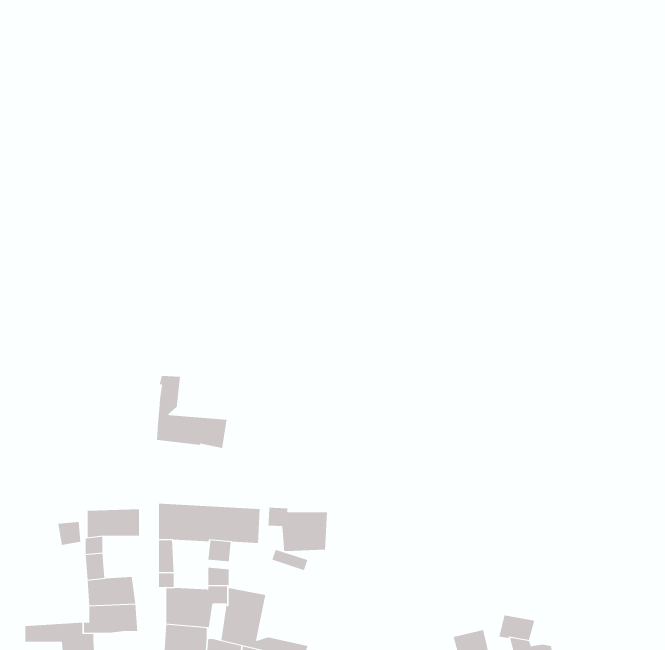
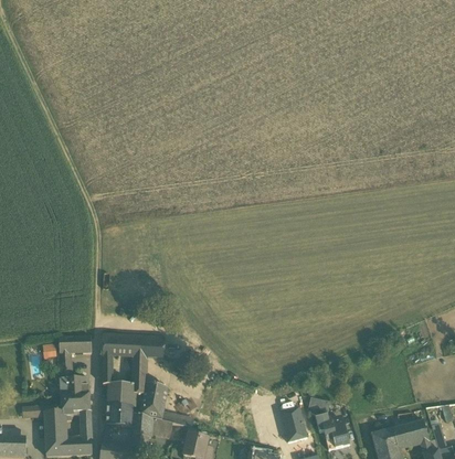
building: [156,375,227,449] -> none
building: [267,507,327,552] -> none

